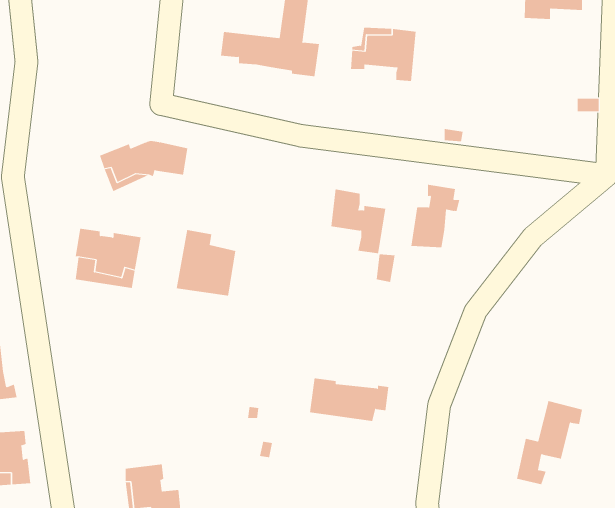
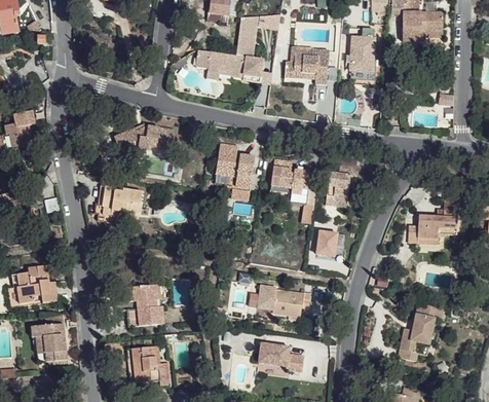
building: none -> [350,37,376,80]
building: [176,230,236,296] -> [214,143,255,188]
building: none -> [417,199,459,245]
building: none -> [316,230,338,255]
building: none -> [127,283,164,327]
building: none -> [259,342,305,371]

